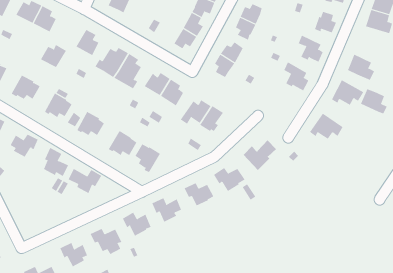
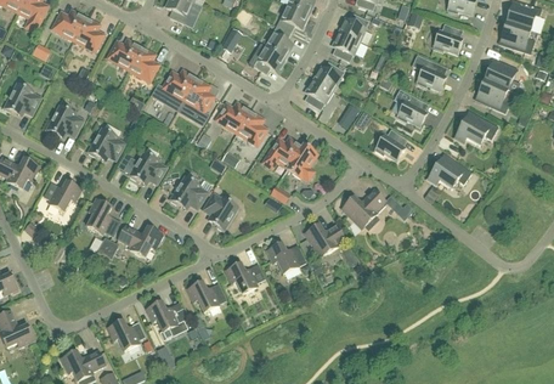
building: [40,44,67,68] -> [108,38,142,68]
building: [360,89,388,114] -> [485,58,520,91]
building: none -> [375,128,406,159]

